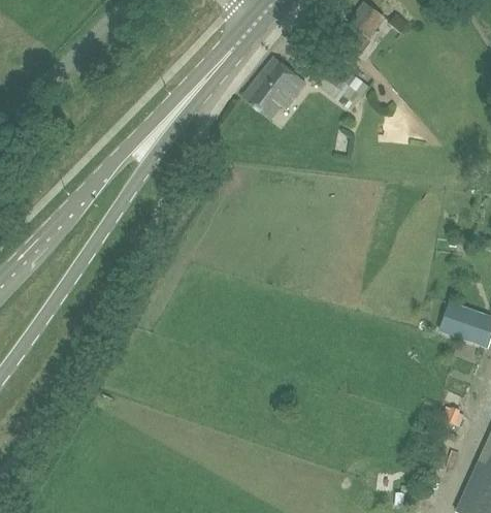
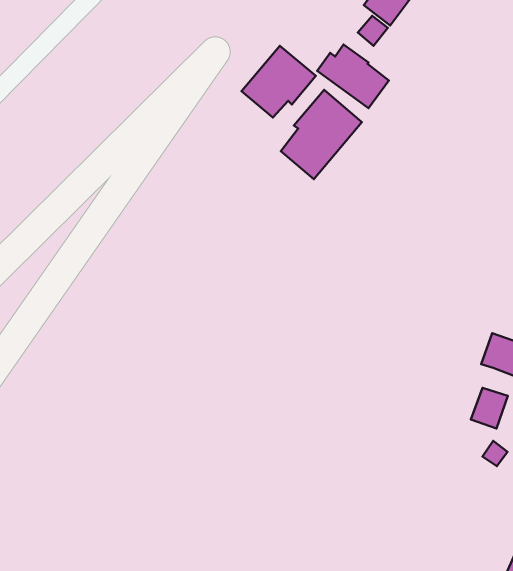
building: none -> [281,90,362,179]
building: none -> [471,388,508,428]

